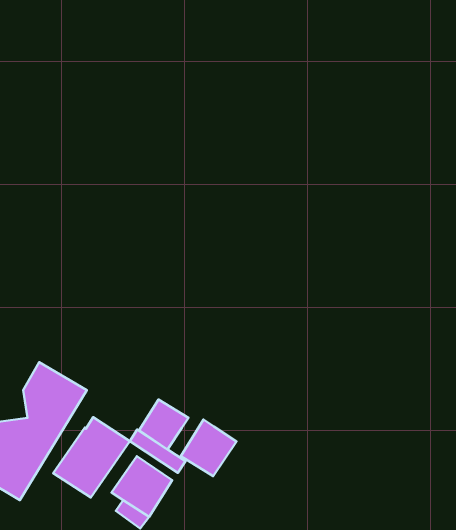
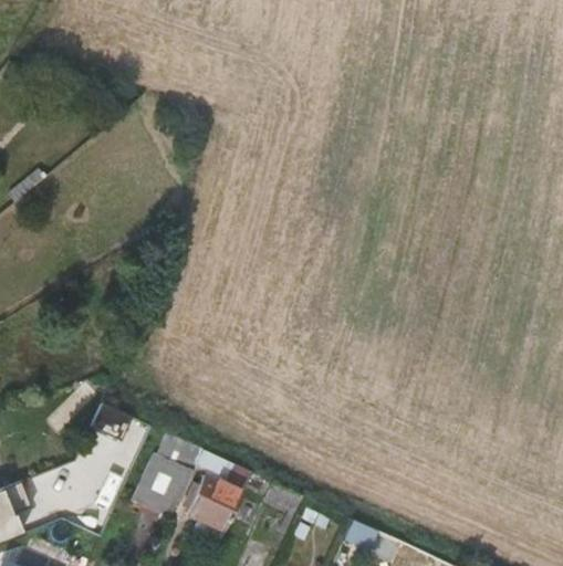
building: [139,400,188,449] -> none
building: [181,420,237,476] -> none

